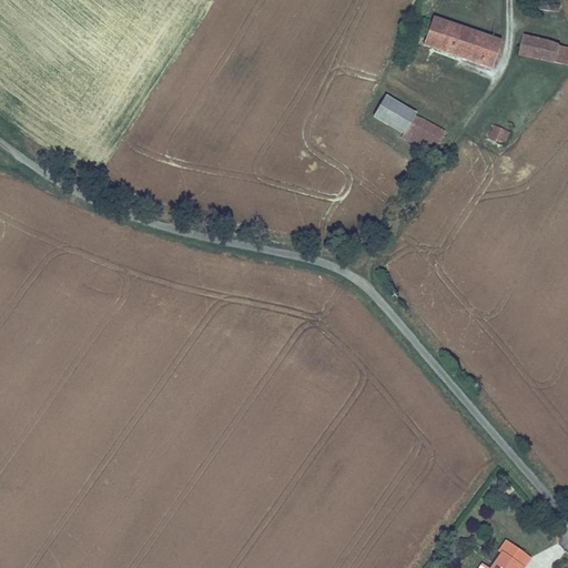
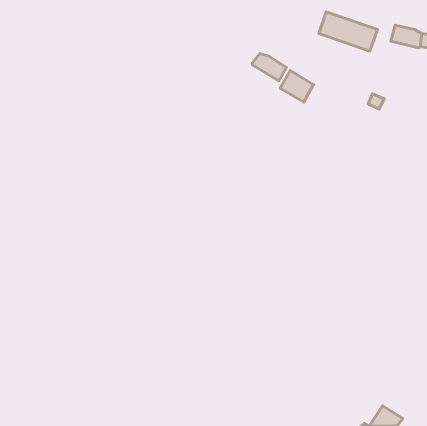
building: none -> [252,53,286,81]
building: [403,113,447,150] -> none

